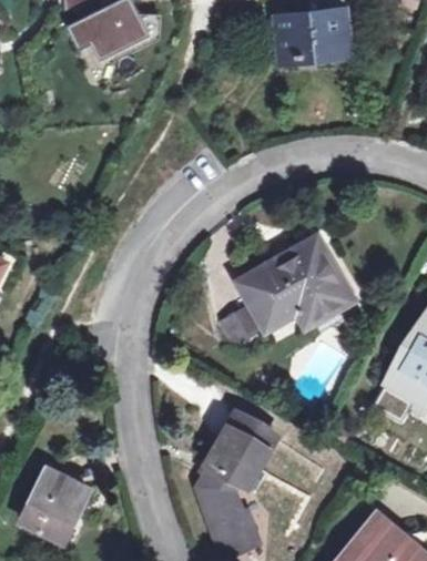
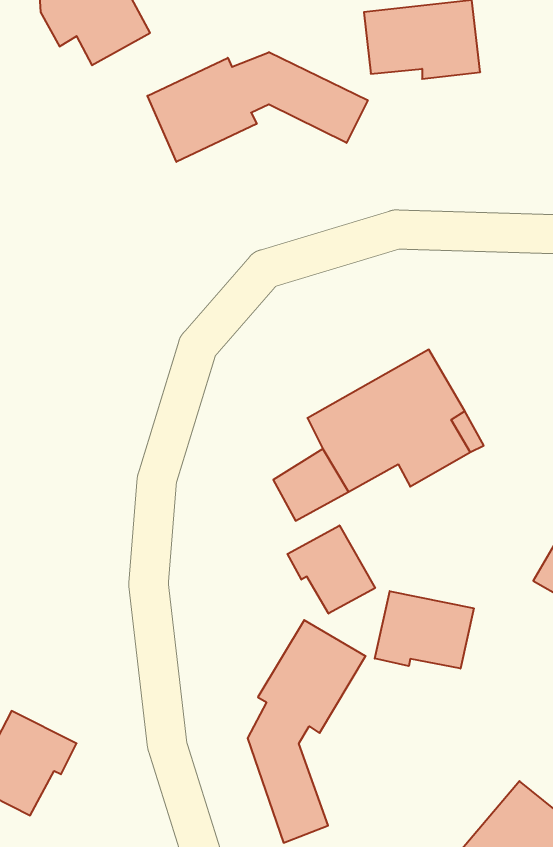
building: none -> [147,52,368,162]
building: none -> [287,525,375,614]
building: none -> [375,591,474,669]

